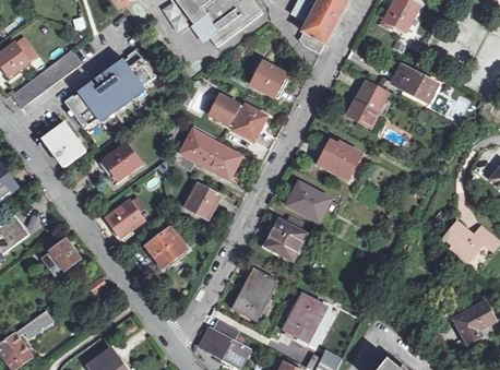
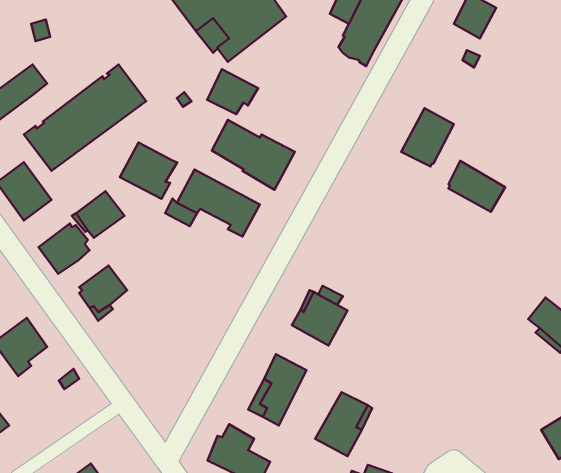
building: [251,61,289,95] -> [207,69,258,114]
building: [393,65,436,104] -> [448,161,505,212]
building: none -> [120,143,177,199]
building: [318,142,359,178] -> none
building: none -> [38,223,90,274]
building: [183,180,223,218] -> none
building: [290,183,329,222] -> none
building: [145,227,186,267] -> none

